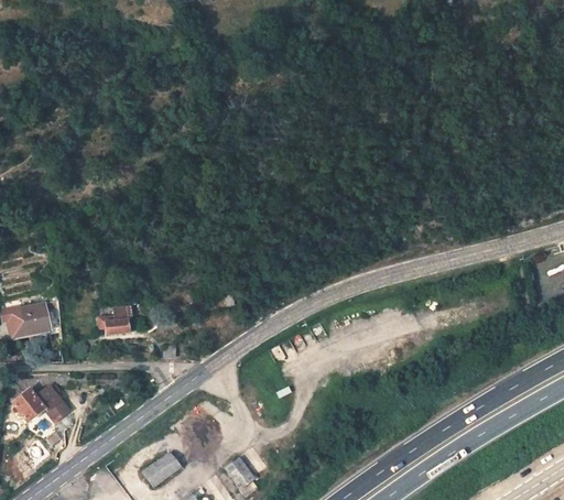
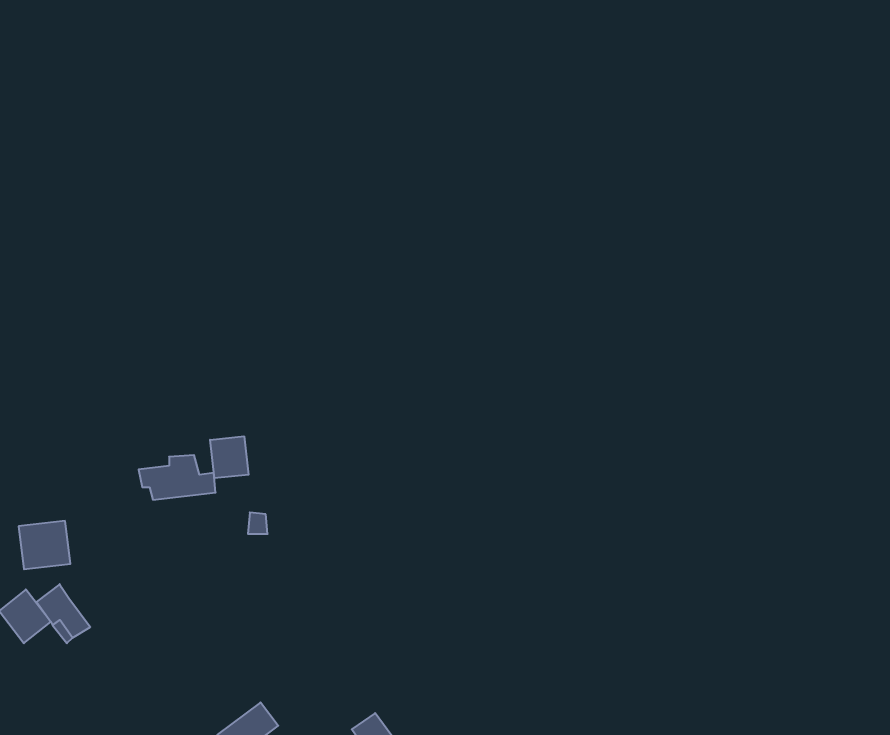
building: none -> [210,436,249,478]
building: [14,308,46,338] -> [19,521,70,569]

